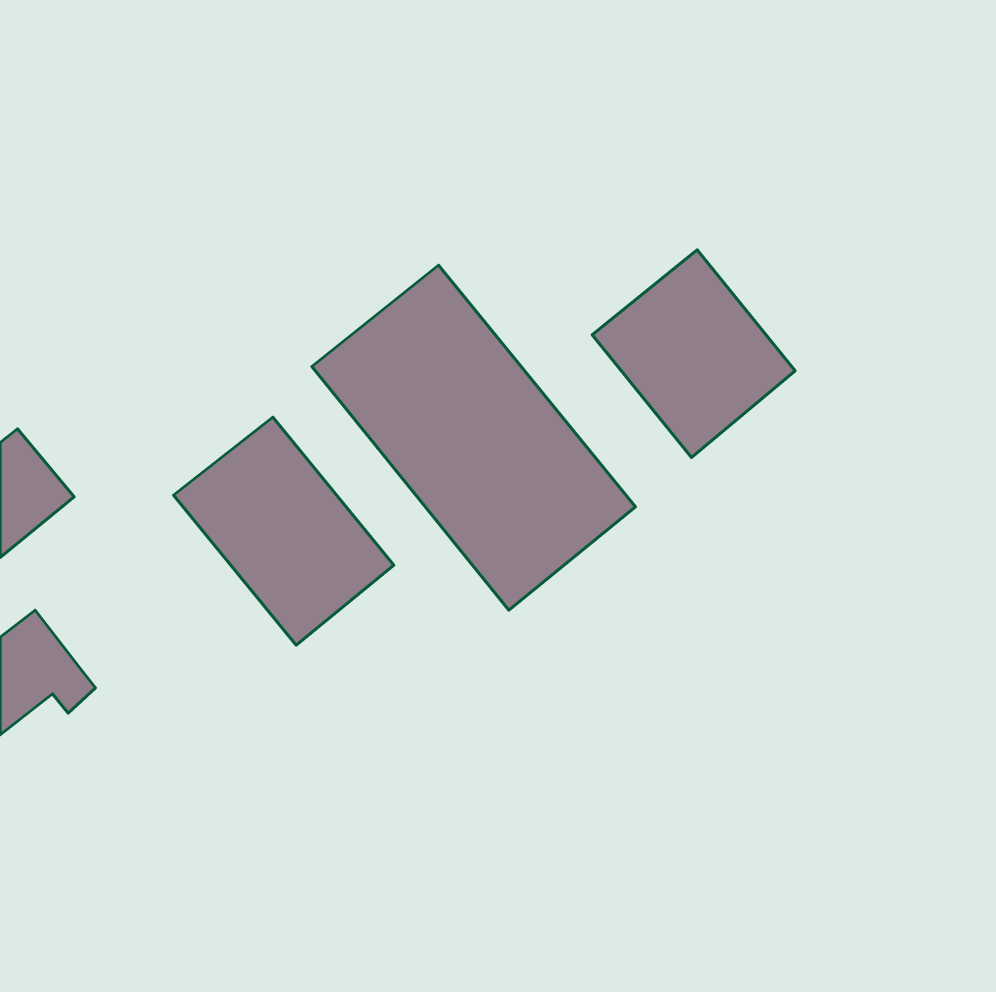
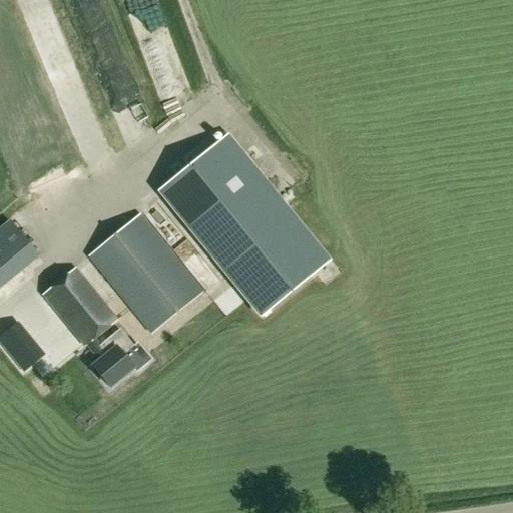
building: [592,250,795,457] -> none
building: none -> [42,267,133,386]

